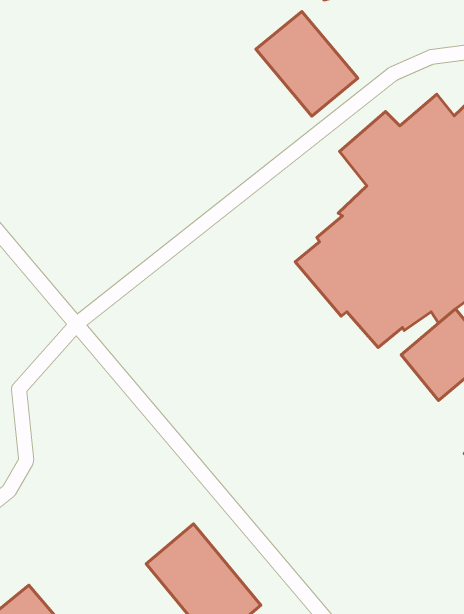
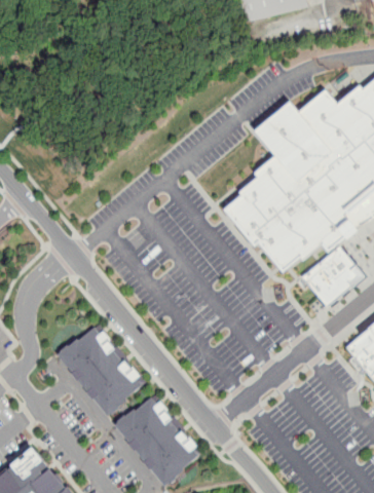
building: [256,11,358,116] -> none
building: none -> [59,326,142,413]

